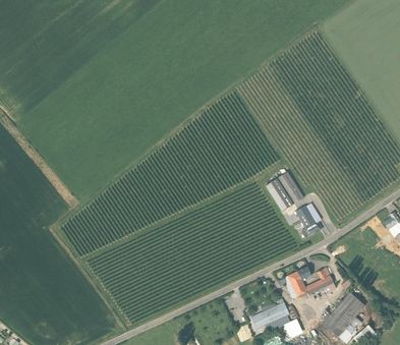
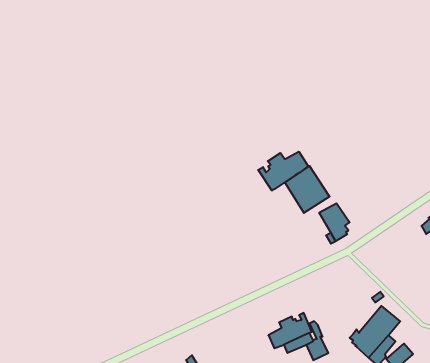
building: none -> [258,152,308,191]
building: [279,266,336,298] -> none

